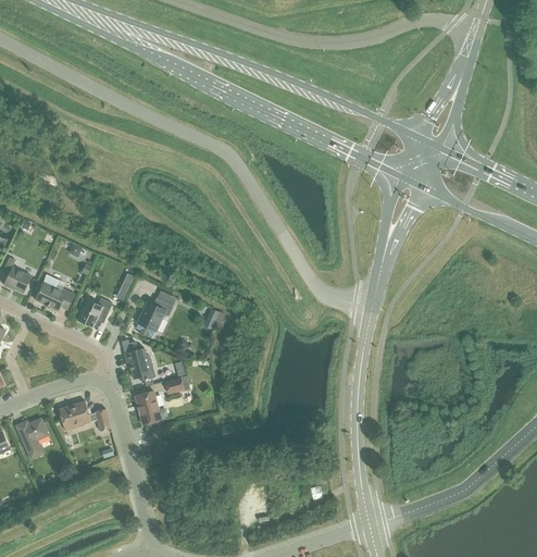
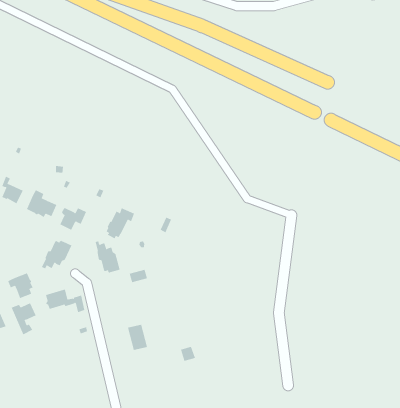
building: none -> [41,240,72,269]
building: none -> [7,273,33,299]
building: [135,389,161,423] -> [127,324,148,351]

